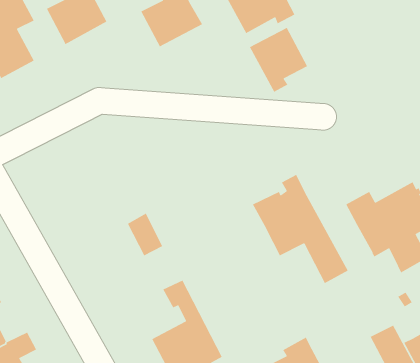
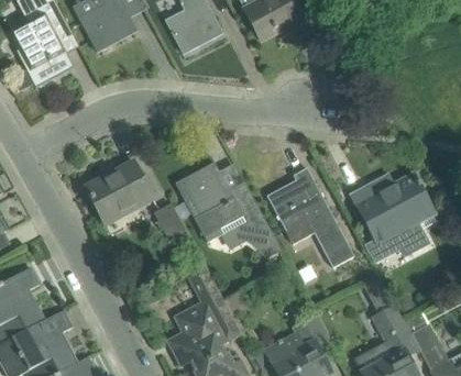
building: [249,27,308,93] -> none
building: none -> [85,161,153,223]
building: none -> [175,162,279,256]

